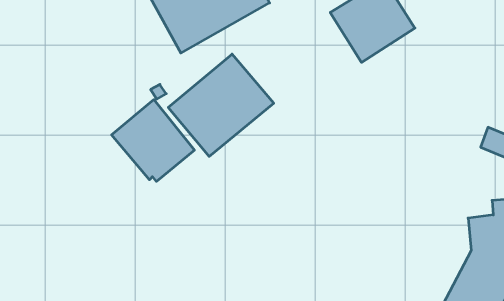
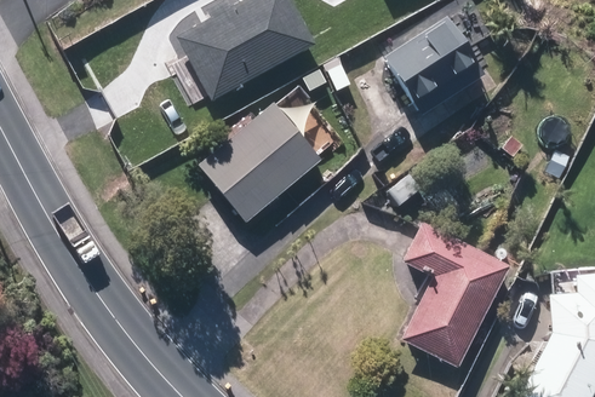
building: [112,100,194,181] -> none
building: none -> [401,219,509,362]

